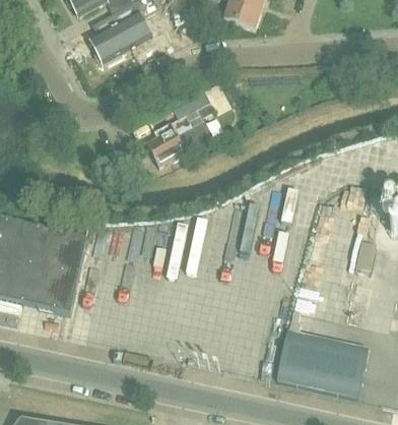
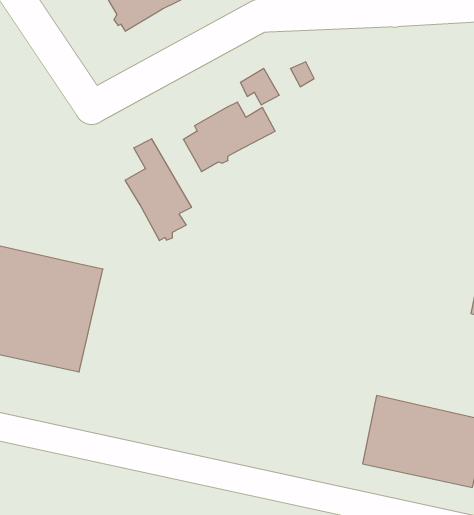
building: none -> [125,139,191,241]

